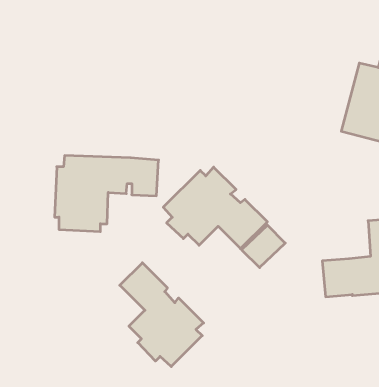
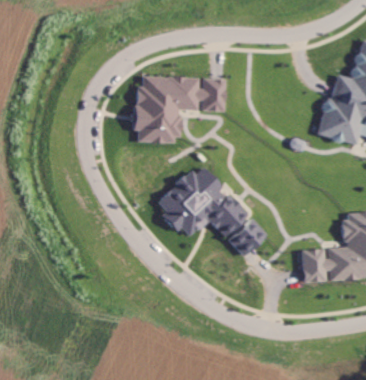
building: [55,156,159,232] -> [133,75,226,143]
building: [120,263,204,367] -> none

